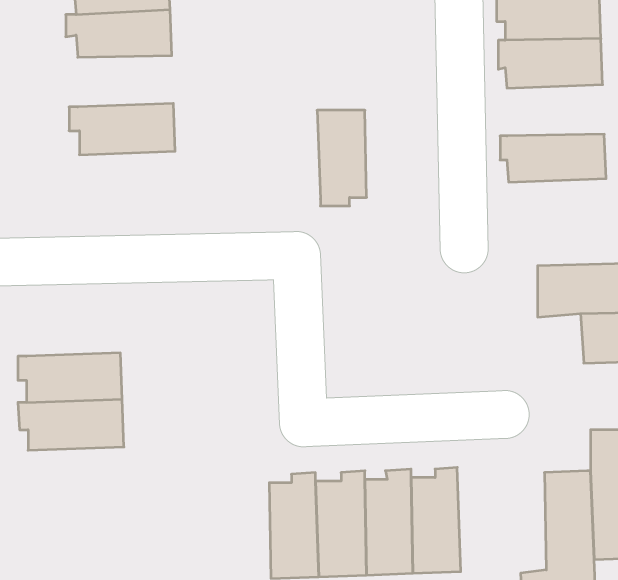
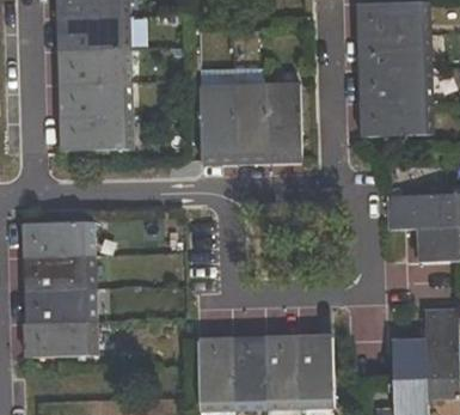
building: none -> [57,47,131,83]
building: none -> [358,67,433,103]
building: none -> [265,84,301,152]
building: none -> [200,85,234,153]
building: none -> [60,114,134,148]
building: none -> [22,221,94,257]
building: none -> [24,321,98,356]

